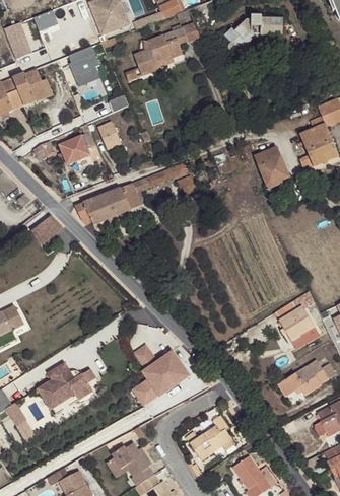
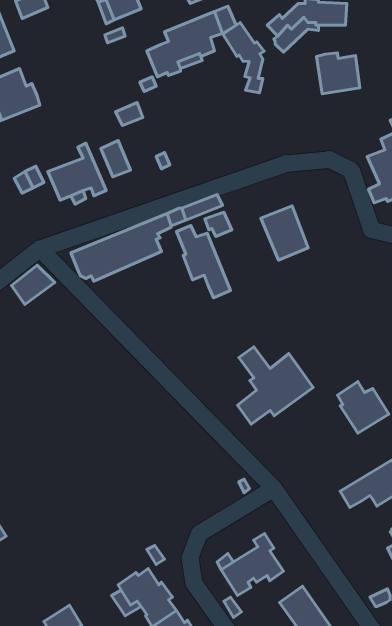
building: none -> [223,22,264,93]
building: [69,46,100,82] -> none
building: none -> [316,53,360,94]
building: [254,145,289,186] -> [261,206,308,260]
building: none -> [176,226,230,298]
building: [133,345,190,403] -> [238,347,313,424]
building: [38,361,97,408] -> none

